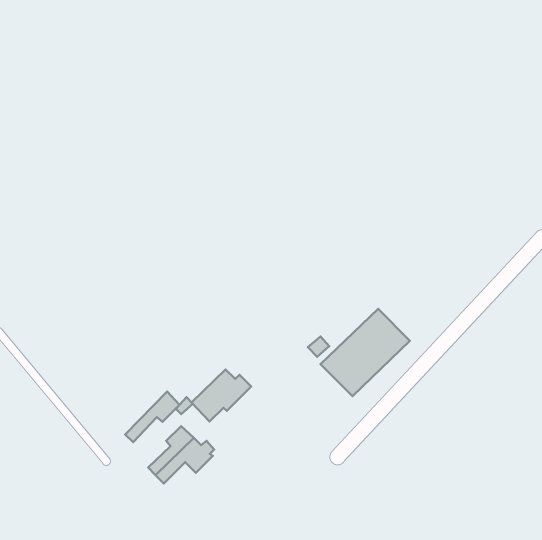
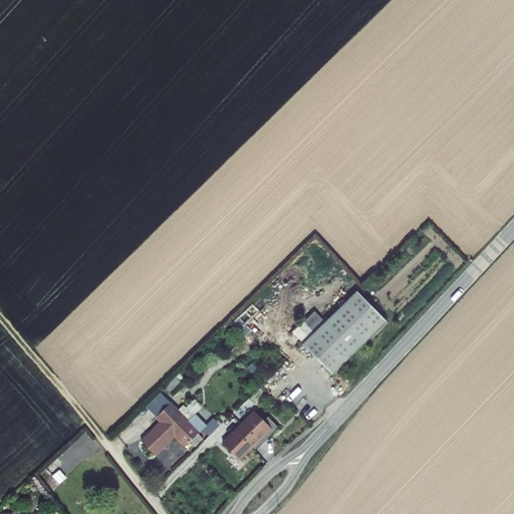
building: [192,369,251,422] -> [222,411,278,460]
building: [125,391,179,442] -> none

